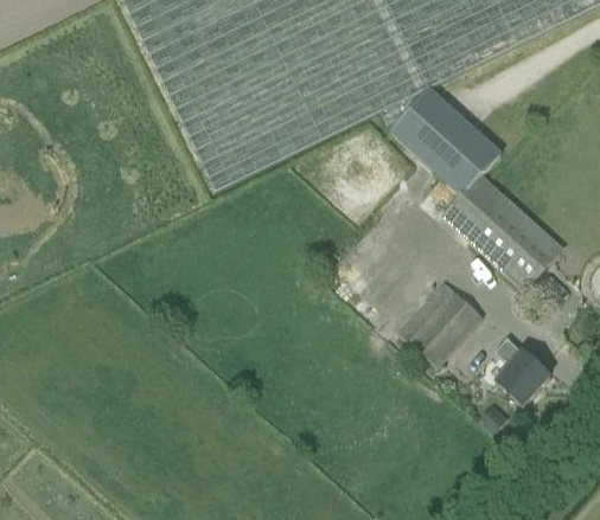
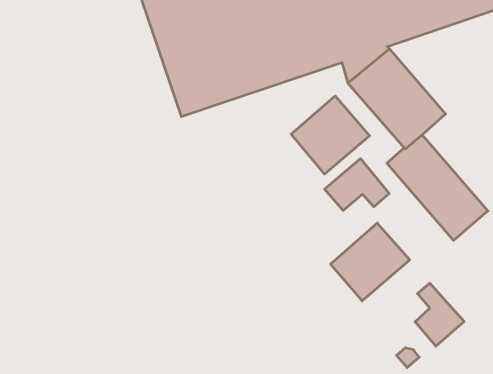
building: none -> [291,96,370,174]
building: none -> [325,159,389,210]

